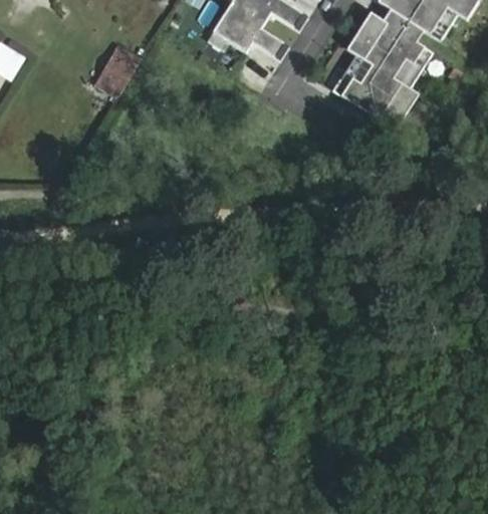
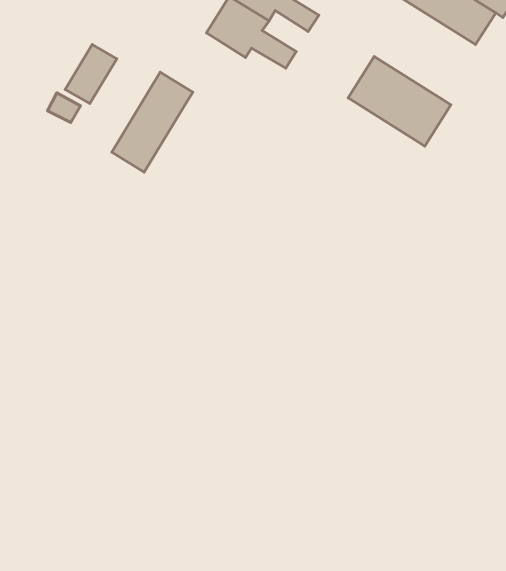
building: [345,11,434,88] -> none
building: none -> [112,72,193,172]

